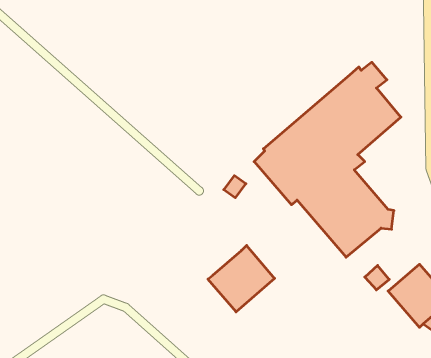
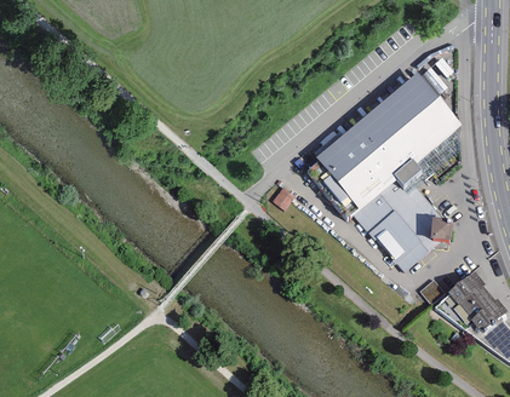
building: [208,245,275,312] -> none

